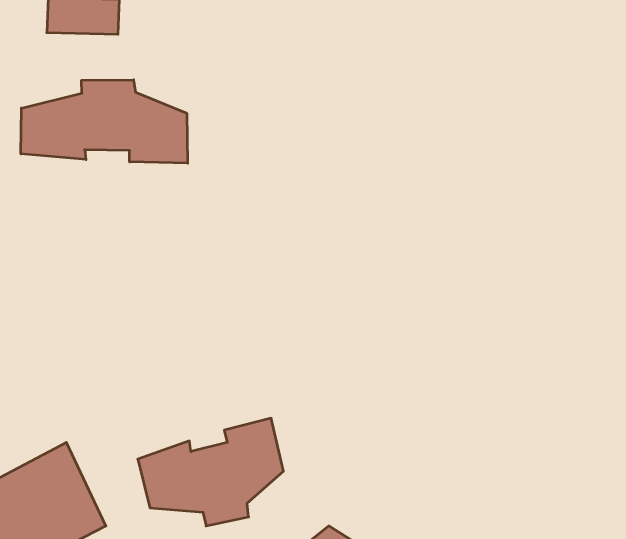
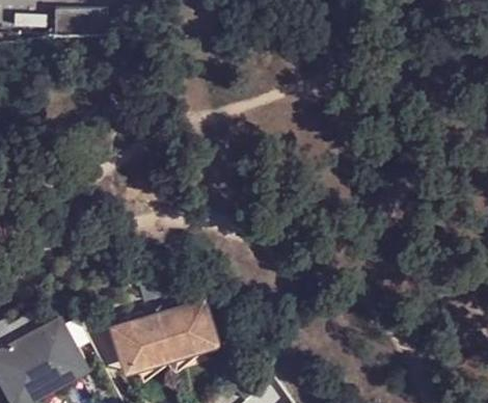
building: [21,80,188,163] -> none

